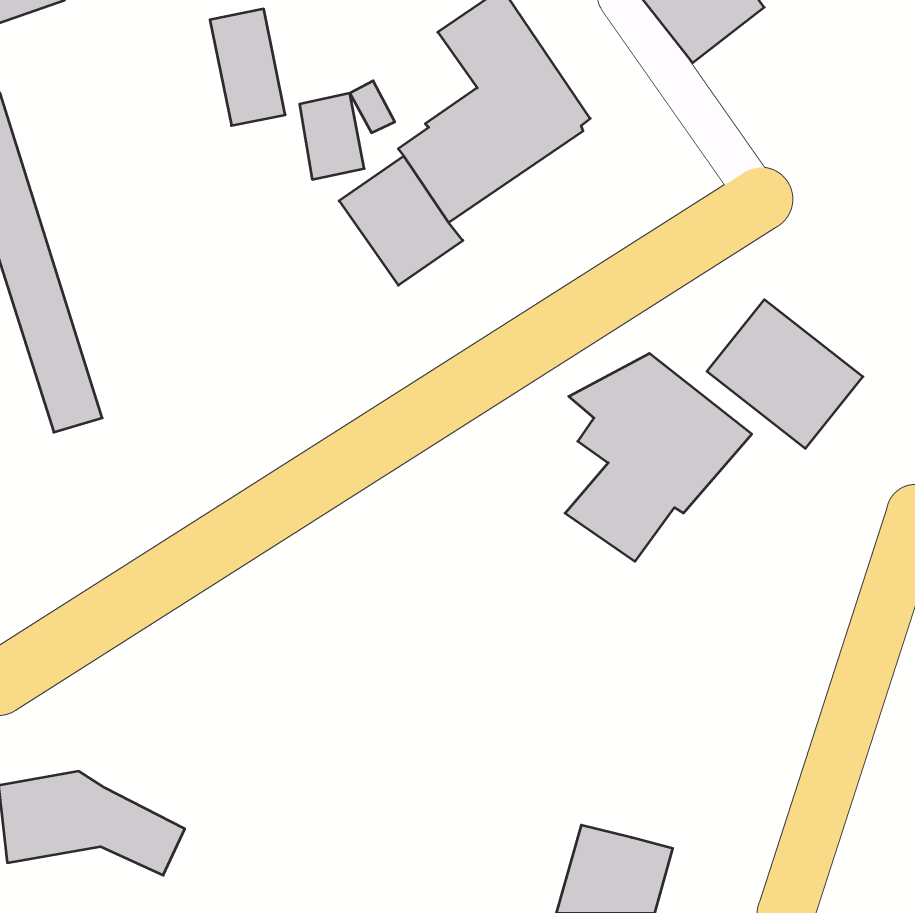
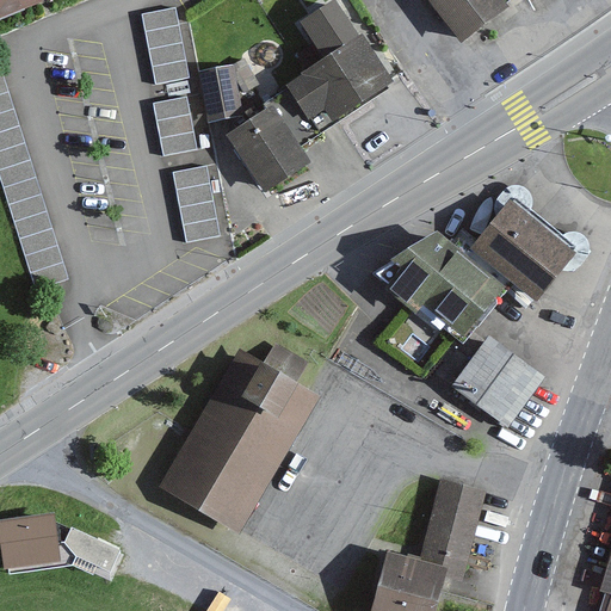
building: none -> [152,94,198,154]
building: none -> [173,163,220,240]
building: none -> [452,338,542,425]
building: none -> [160,340,319,531]
building: none -> [420,476,487,569]

